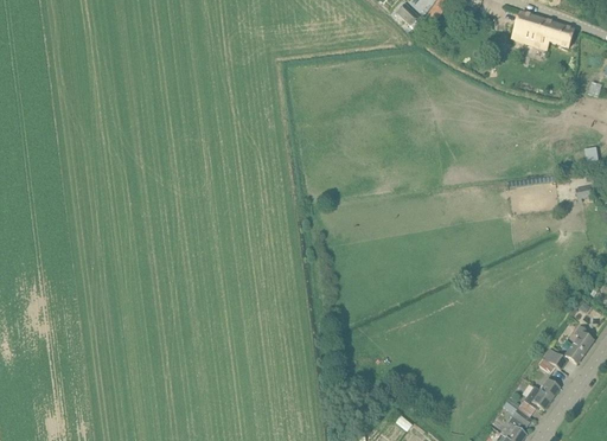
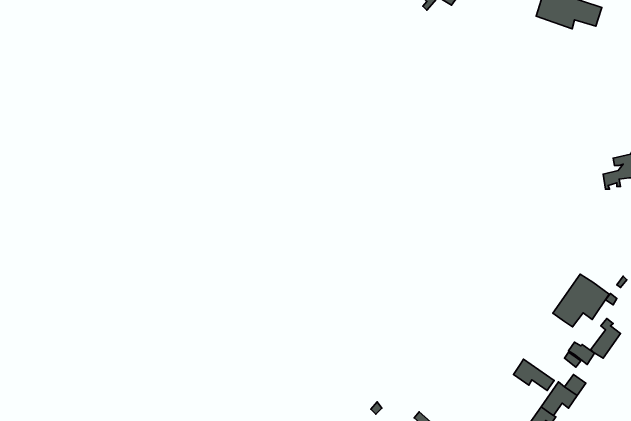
building: none -> [553,274,609,327]
building: none -> [513,359,554,390]

